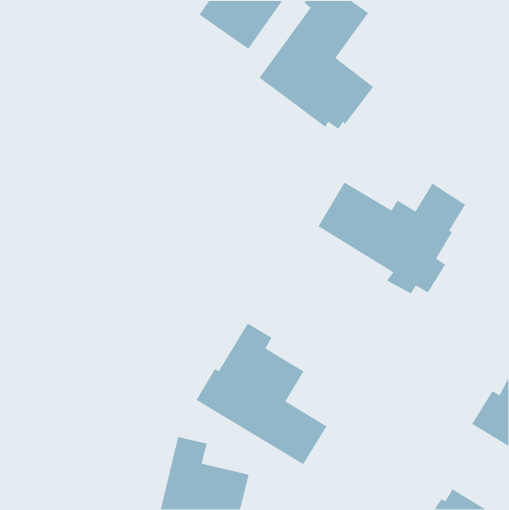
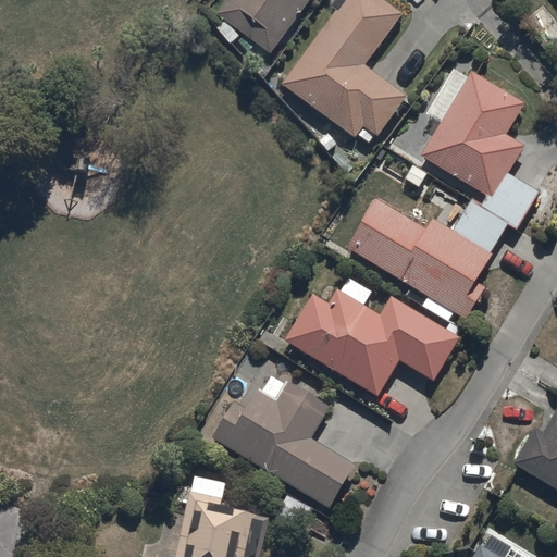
building: none -> [421,66,540,228]
building: none -> [284,274,465,396]

